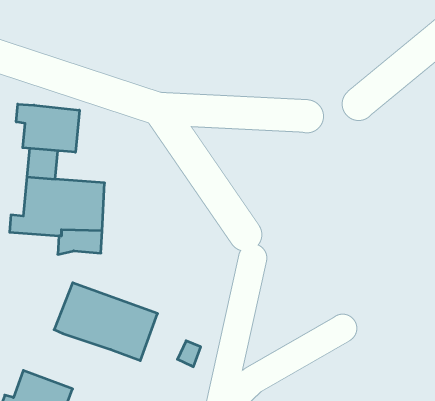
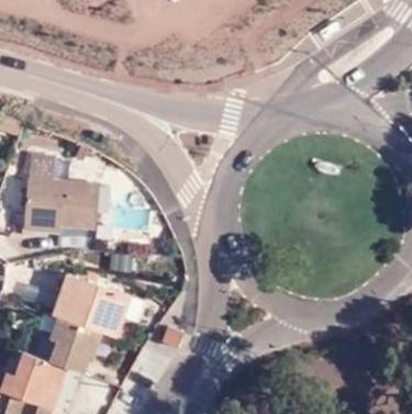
building: [16,104,79,152] -> none
building: none -> [23,318,101,373]

